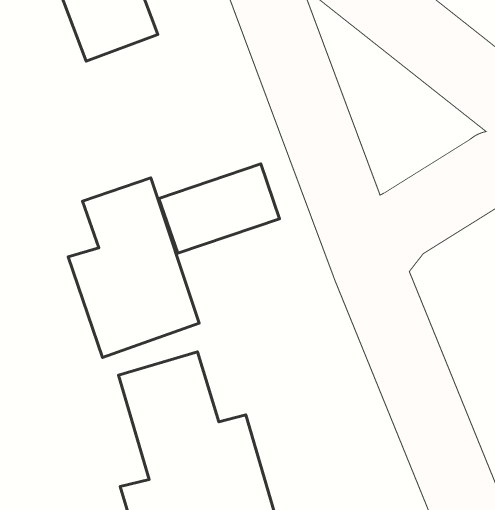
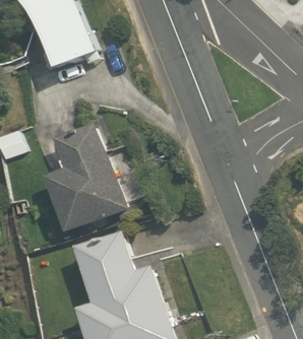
building: [159,164,280,253] -> none

